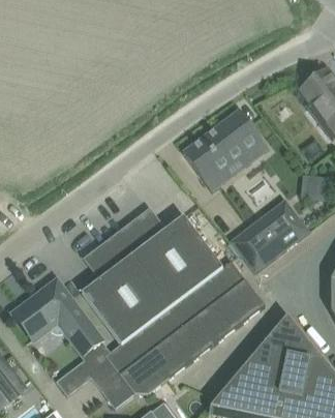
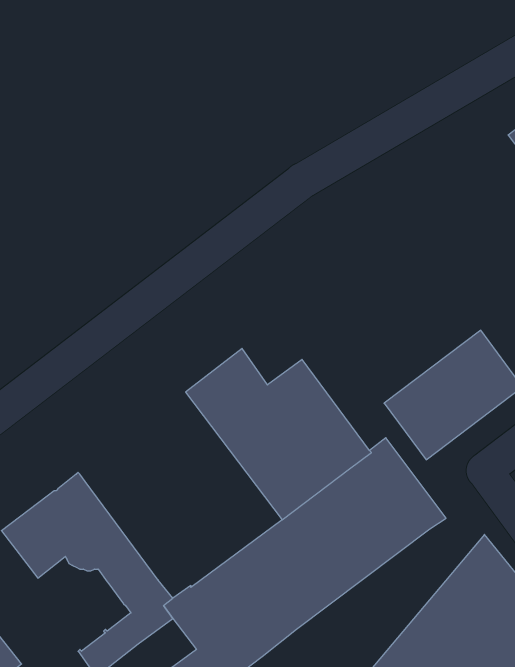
building: [183,109,269,182] -> none
building: [82,234,173,345] -> none

